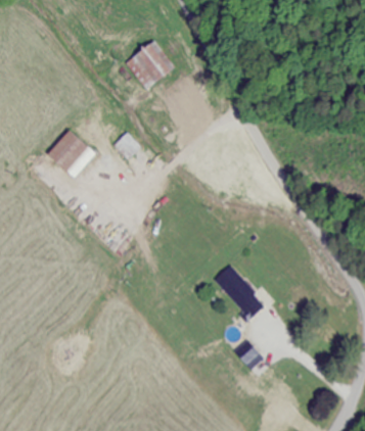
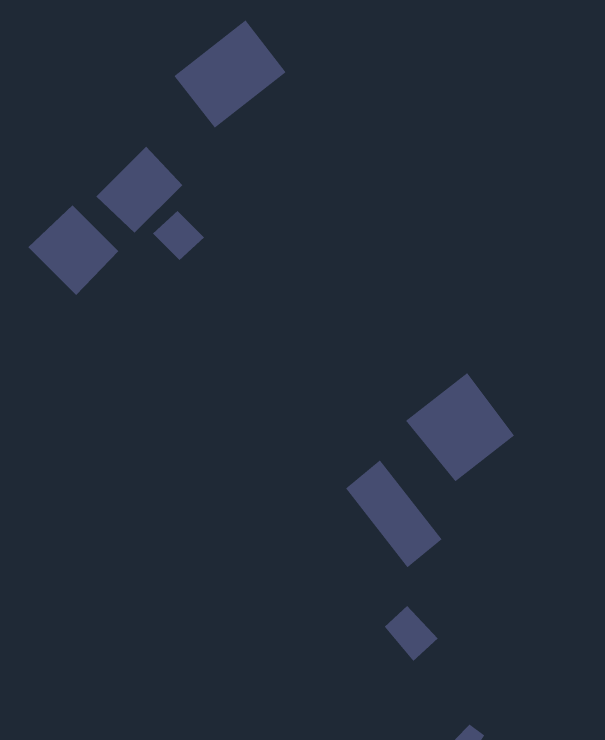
building: none -> [95,146,183,234]
building: none -> [405,372,515,482]

